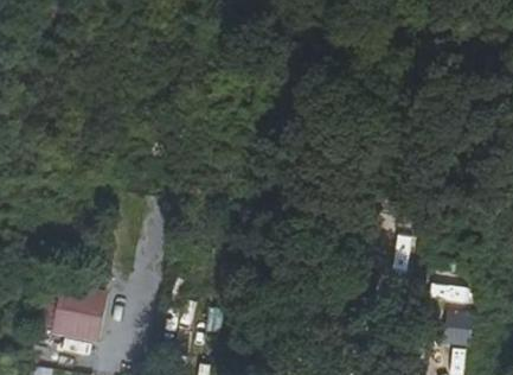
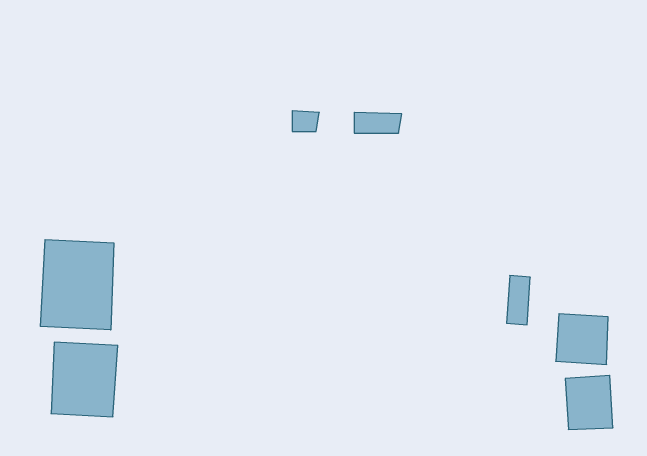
building: none -> [40,240,114,330]

